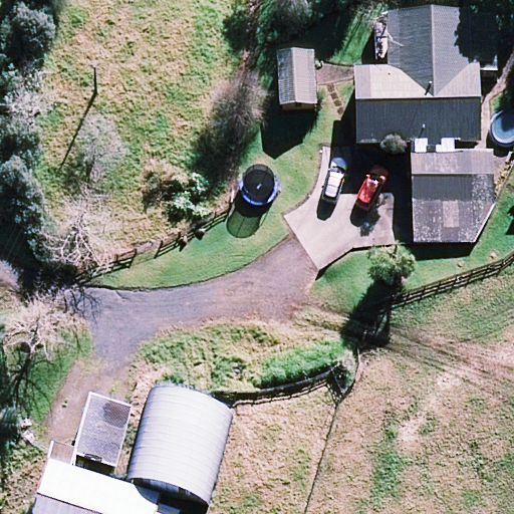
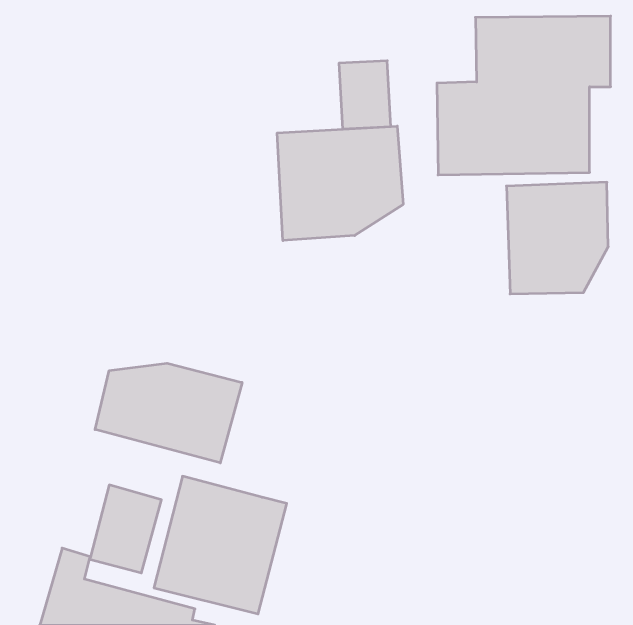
building: none -> [277,126,403,241]
building: none -> [95,363,242,463]

